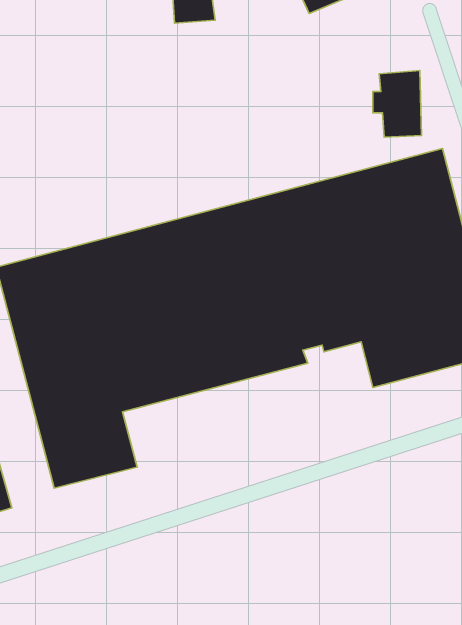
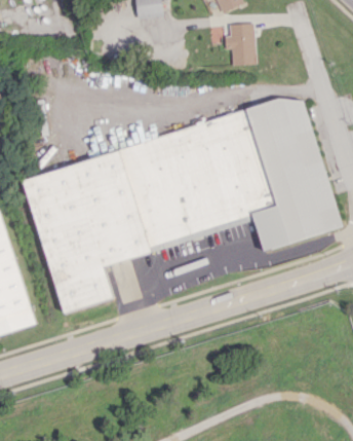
building: [373,71,422,137] -> [225,23,256,65]

